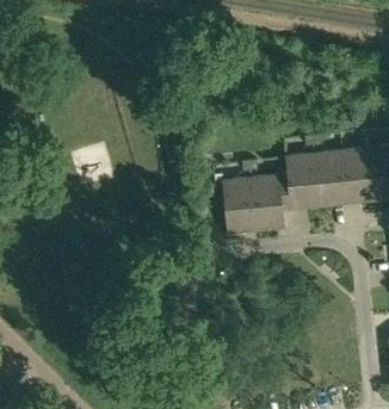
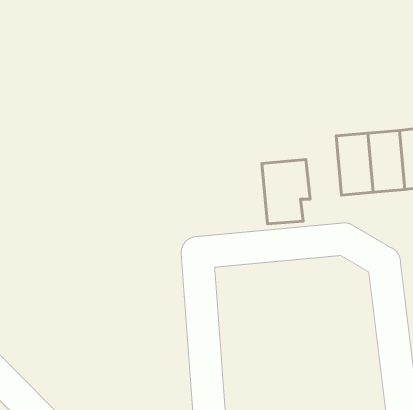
building: [285,154,319,209] -> none
building: [222,178,254,234] -> none

